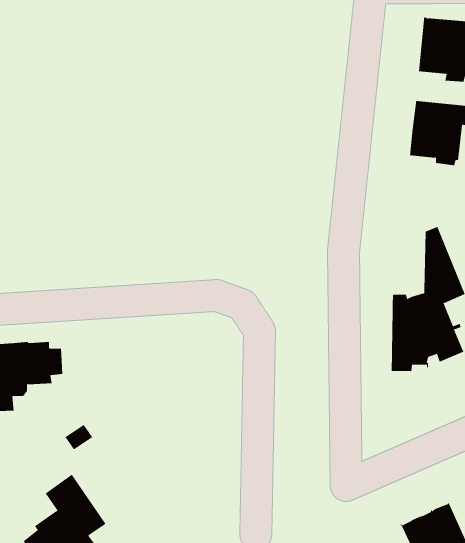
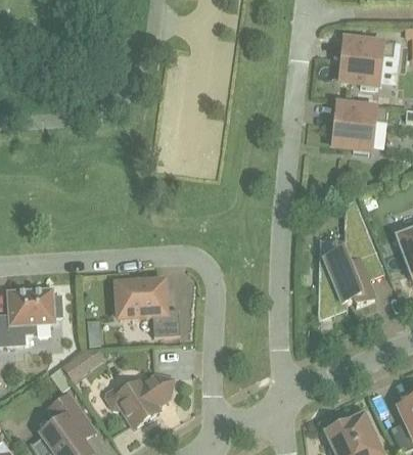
building: none -> [117,281,180,335]
building: none -> [105,373,173,426]

